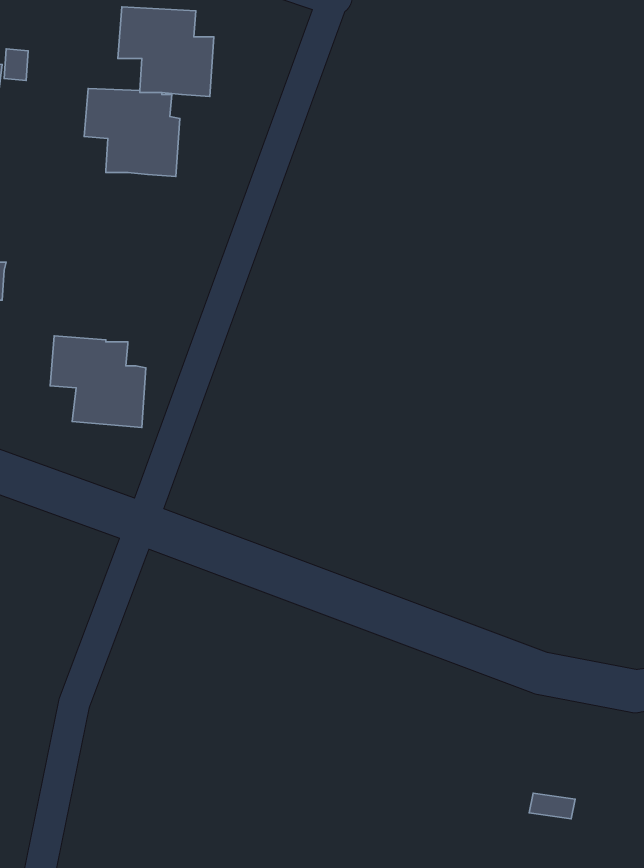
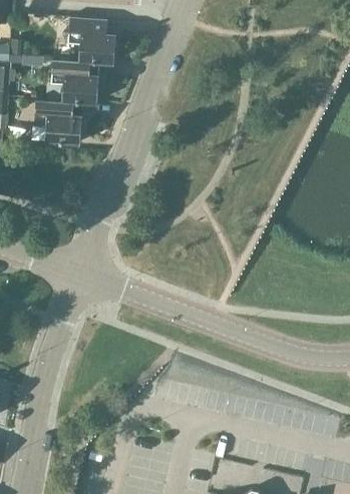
building: [50,336,146,428] -> [33,98,81,144]

